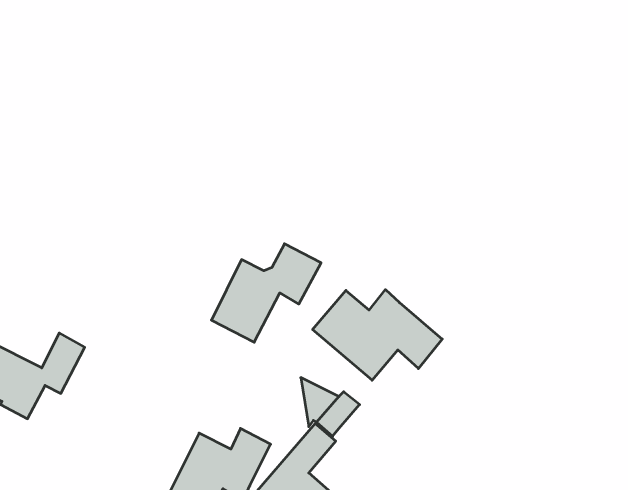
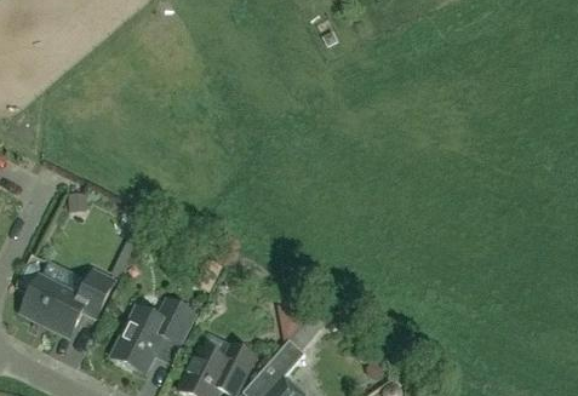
building: [211,244,321,342] -> [111,297,195,372]
building: [313,290,442,380] -> none

